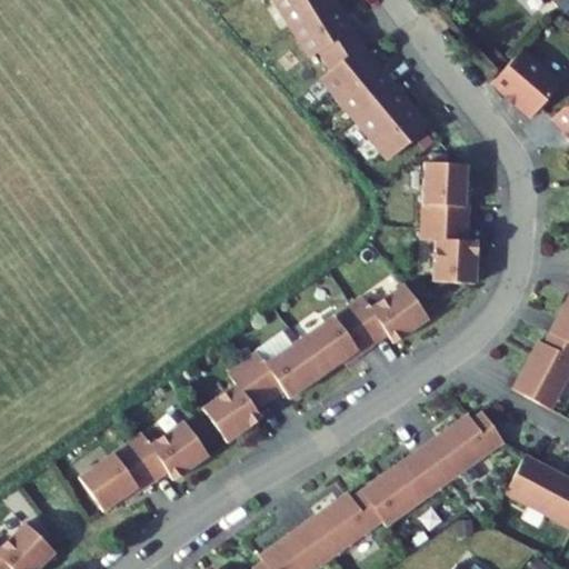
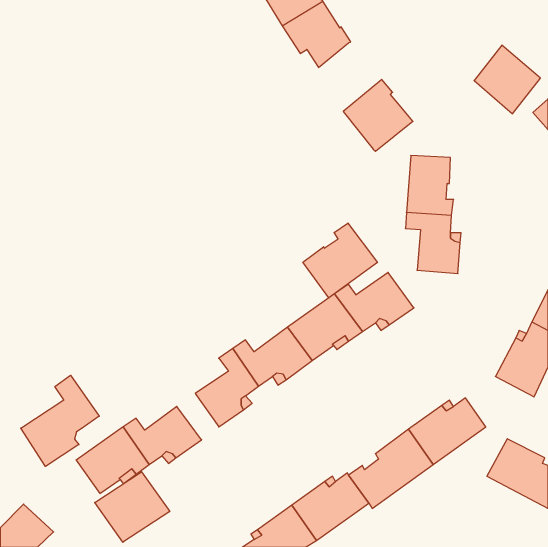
building: [322,44,396,116] -> none
building: none -> [303,223,377,298]
building: none -> [21,375,99,466]
building: none -> [95,472,170,542]

